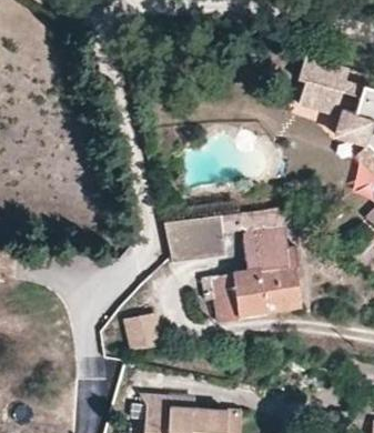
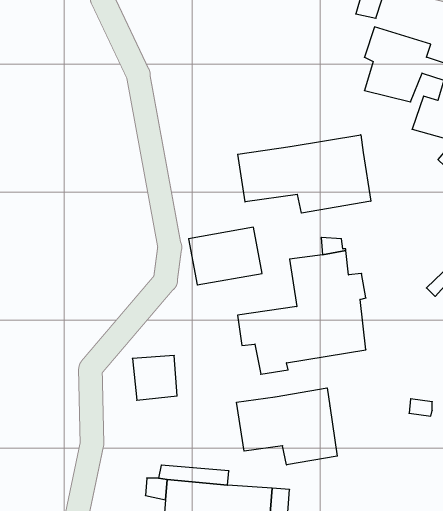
building: none -> [238,135,371,213]
building: none -> [237,388,337,465]

